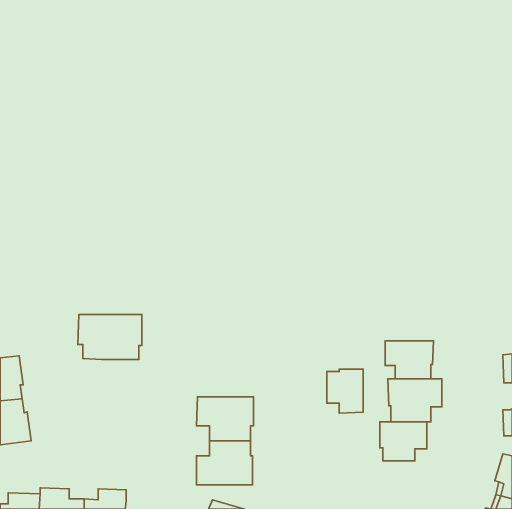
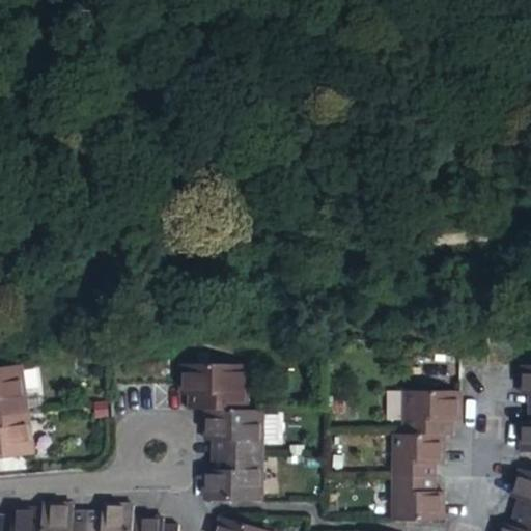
building: [78,314,142,360] -> [179,364,246,411]
building: [385,341,433,379] -> none
building: [327,369,363,413] -> none
building: none -> [393,477,441,522]

